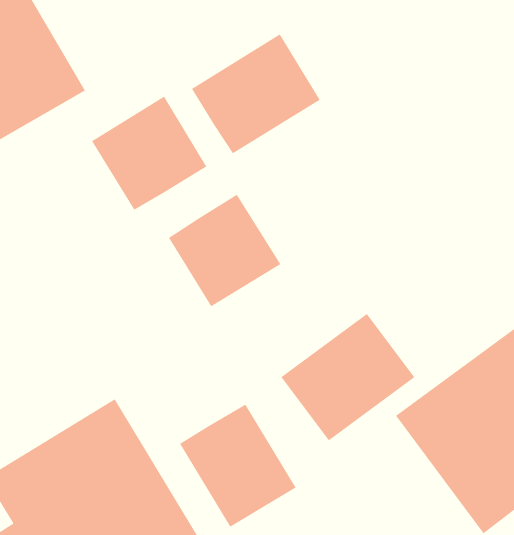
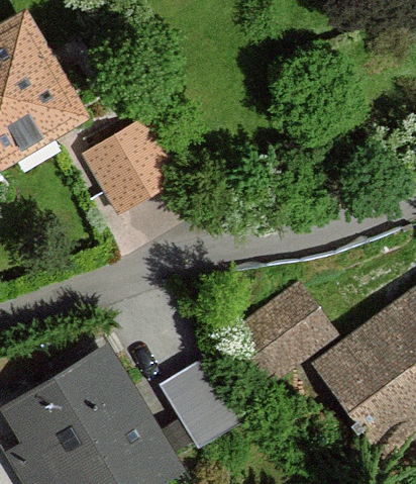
building: [191,33,321,154] -> none
building: [168,194,281,307] -> none

